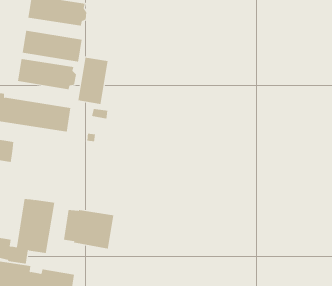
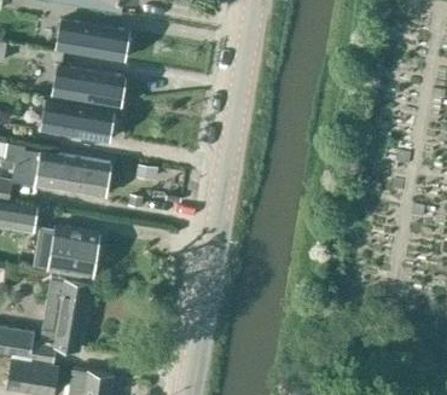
building: [78,57,108,105] -> none
building: [63,209,114,249] -> [34,227,99,278]

